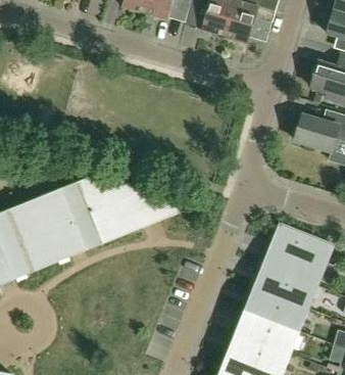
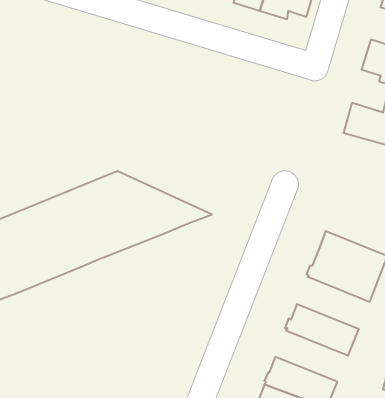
building: [254,263,317,308] -> none
building: [236,309,299,353] -> none

